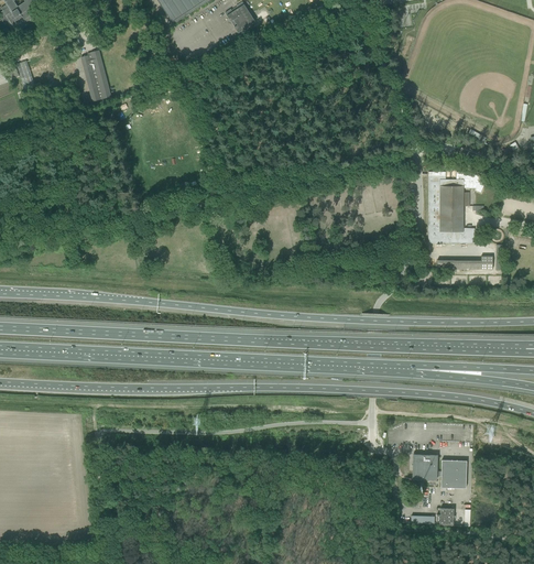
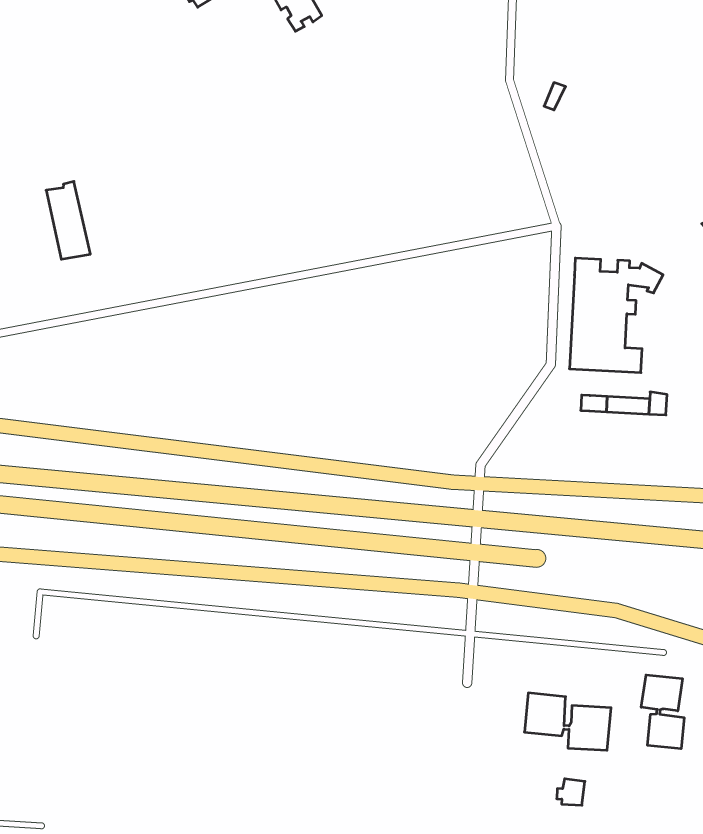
building: [80,50,111,100] -> [46,181,90,259]
building: none -> [641,675,684,749]

